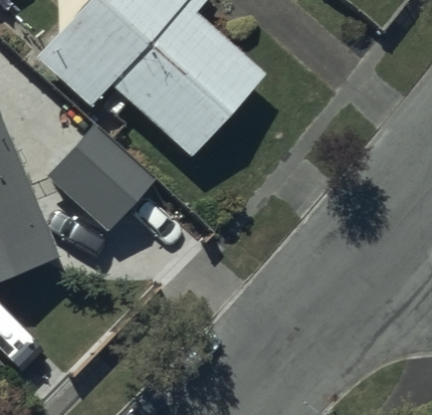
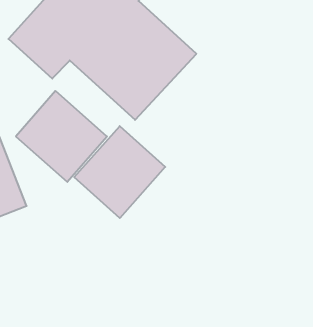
building: none -> [74,126,165,218]

